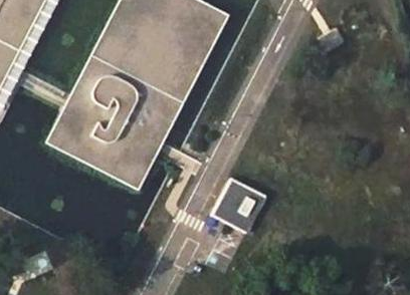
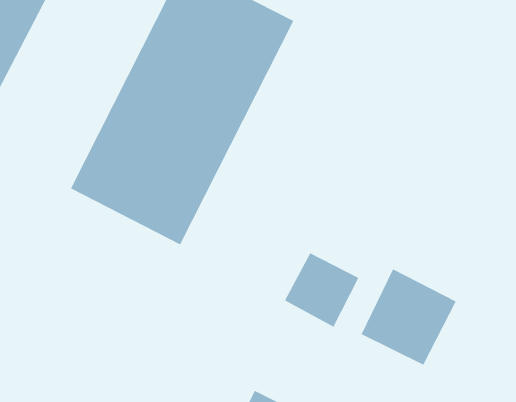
building: none -> [361,268,457,366]

